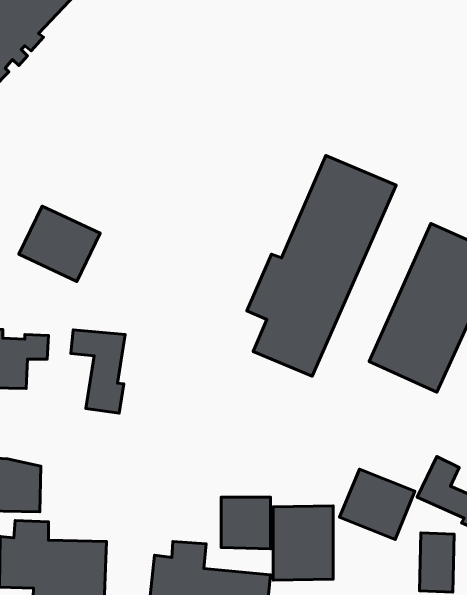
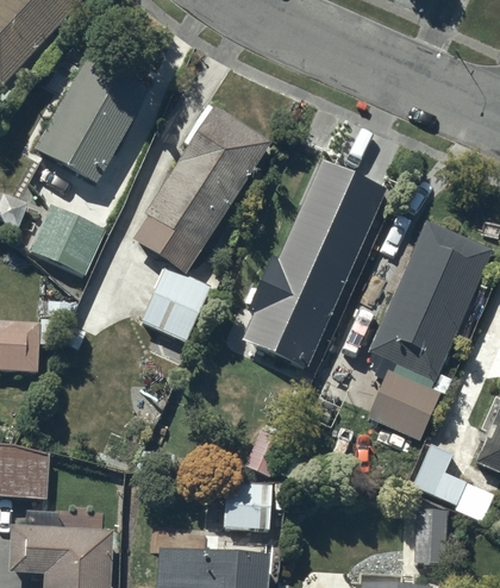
building: none -> [35,54,149,183]
building: none -> [132,104,271,356]
building: [71,330,125,413] -> none
building: [340,469,415,539] -> [364,371,437,439]
building: [273,506,333,580] -> none

